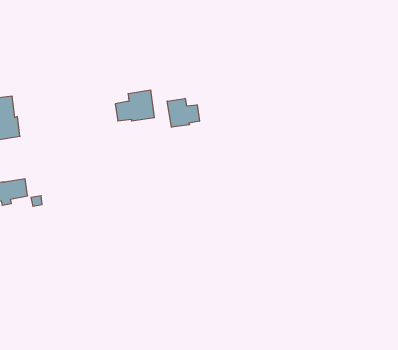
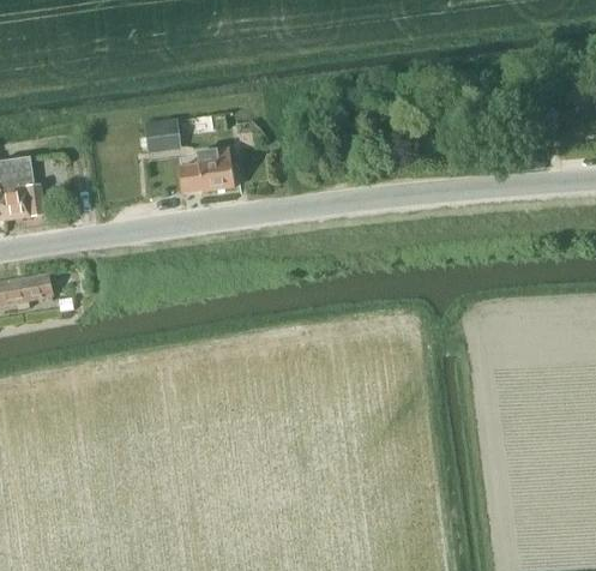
building: none -> [145,119,182,152]
building: [167,98,199,127] -> none

